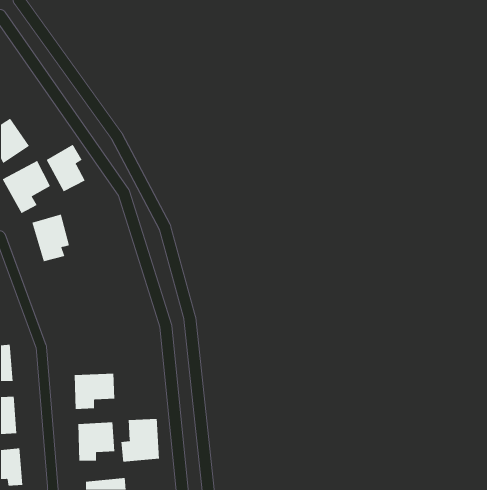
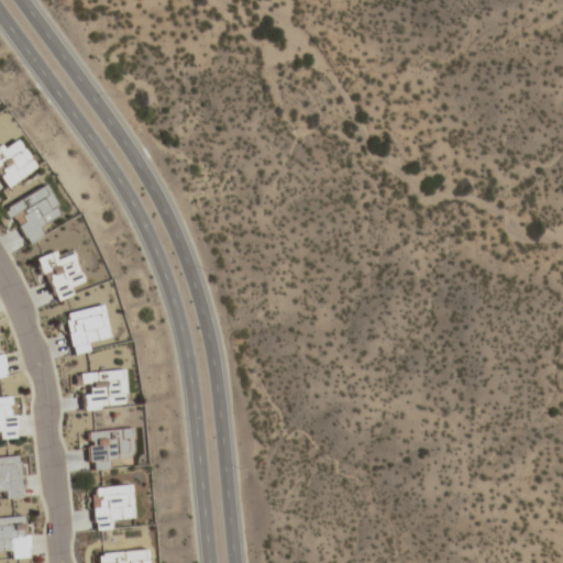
building: [46,144,85,192] -> none
building: none -> [64,305,110,354]
building: none -> [78,368,129,409]
building: [121,418,160,462] -> none

